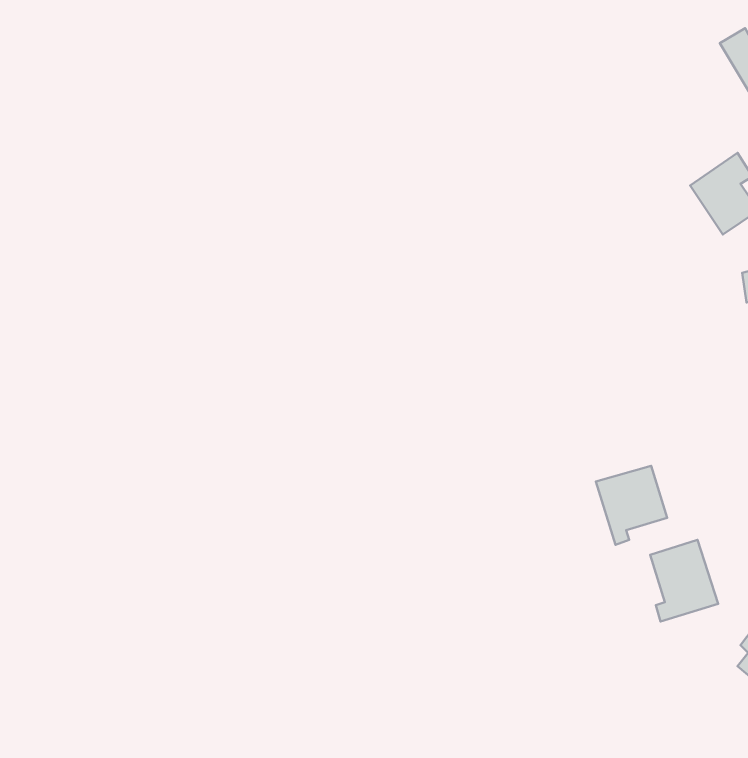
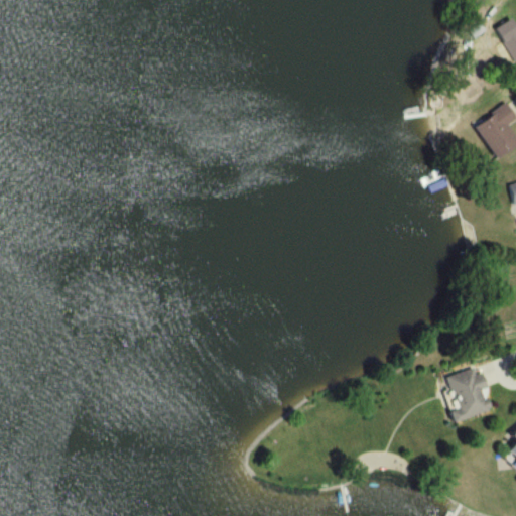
building: [596,466,667,545] -> none

